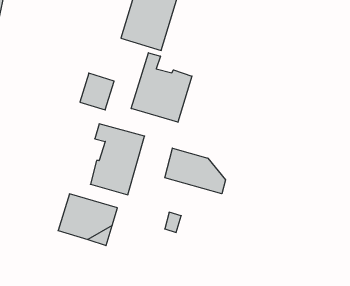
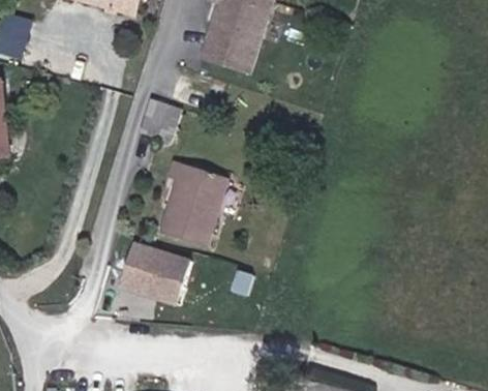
building: [131,53,192,122] -> none
building: [165,148,226,194] -> none

